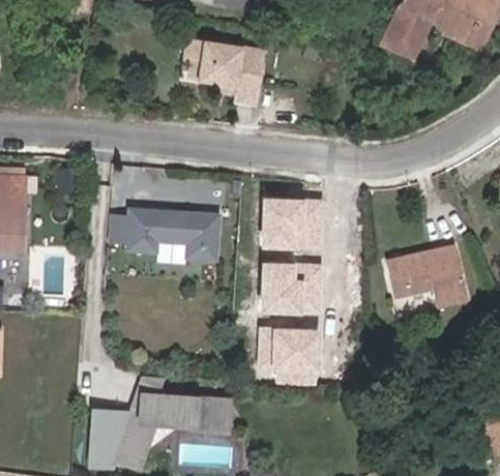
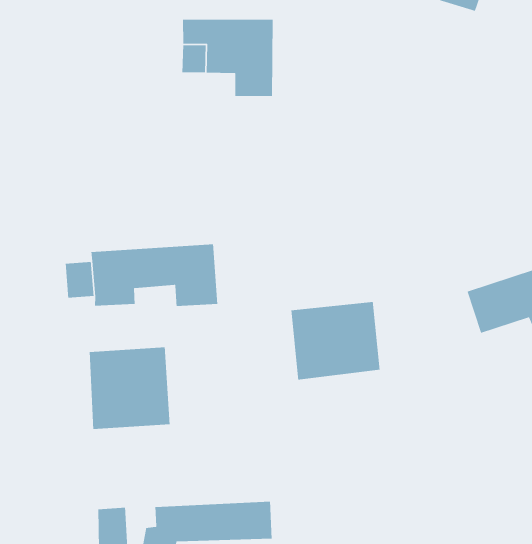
building: [261,198,323,250] -> none
building: none -> [89,346,170,430]
building: [257,327,318,379] -> none

